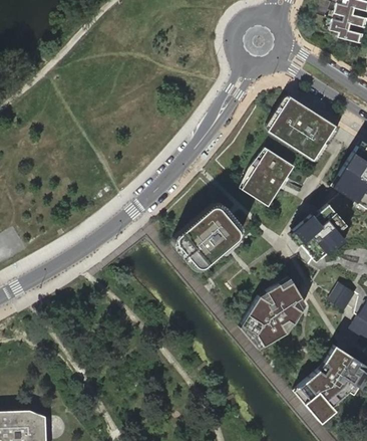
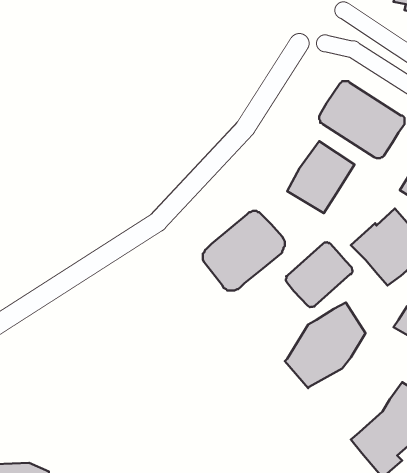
building: none -> [286,242,353,307]

